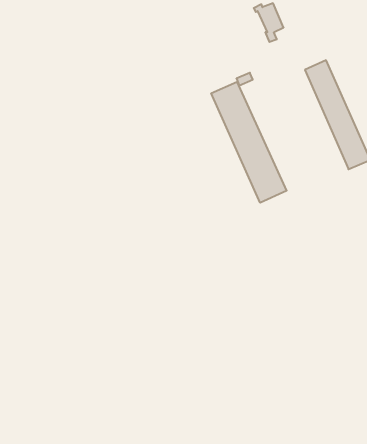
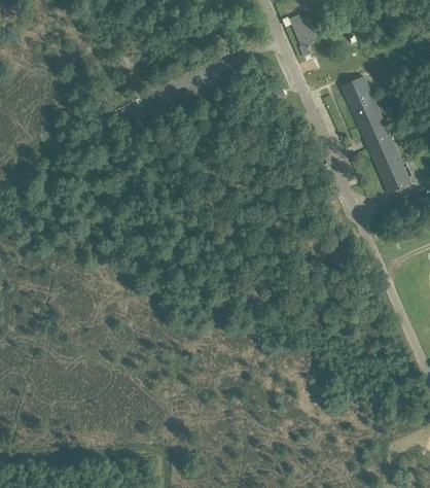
building: [211,82,287,203] -> none

